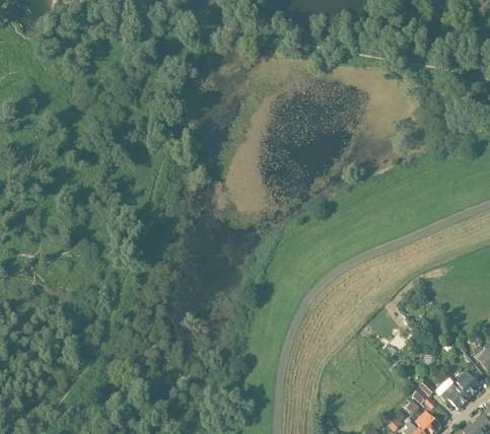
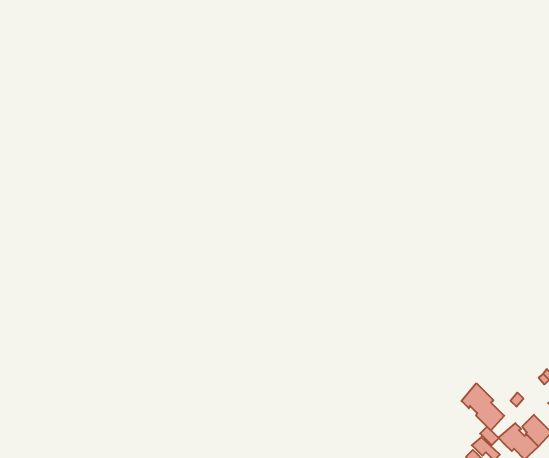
building: none -> [461,384,504,430]

